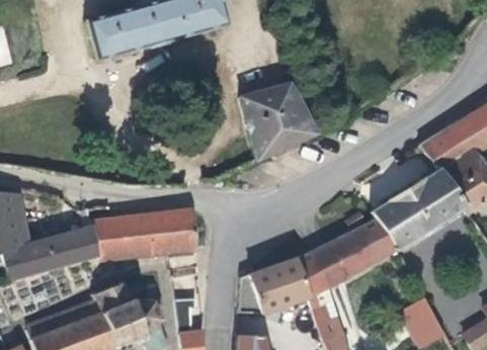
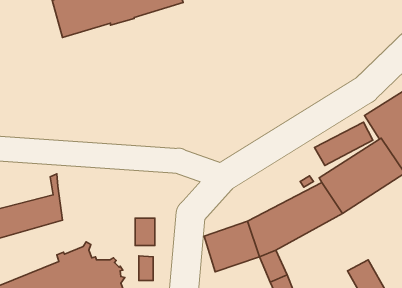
building: [239,84,316,160] -> none
building: [92,210,196,259] -> none

